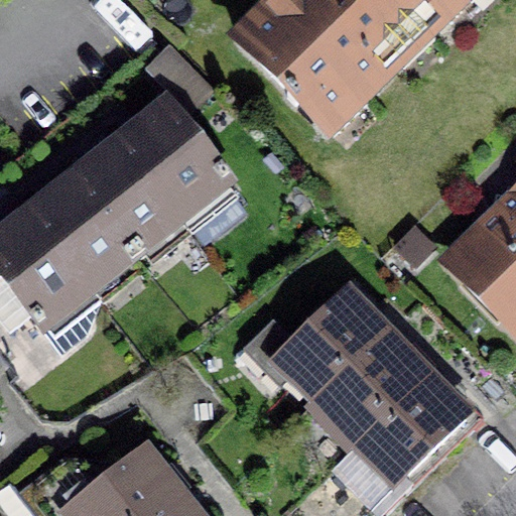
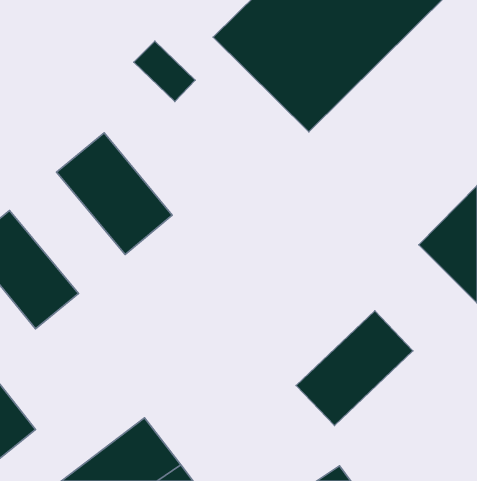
building: [110,103,227,227] -> none
building: [10,181,132,309] -> none
building: [269,283,395,406] -> none
building: [353,370,474,488] -> none

